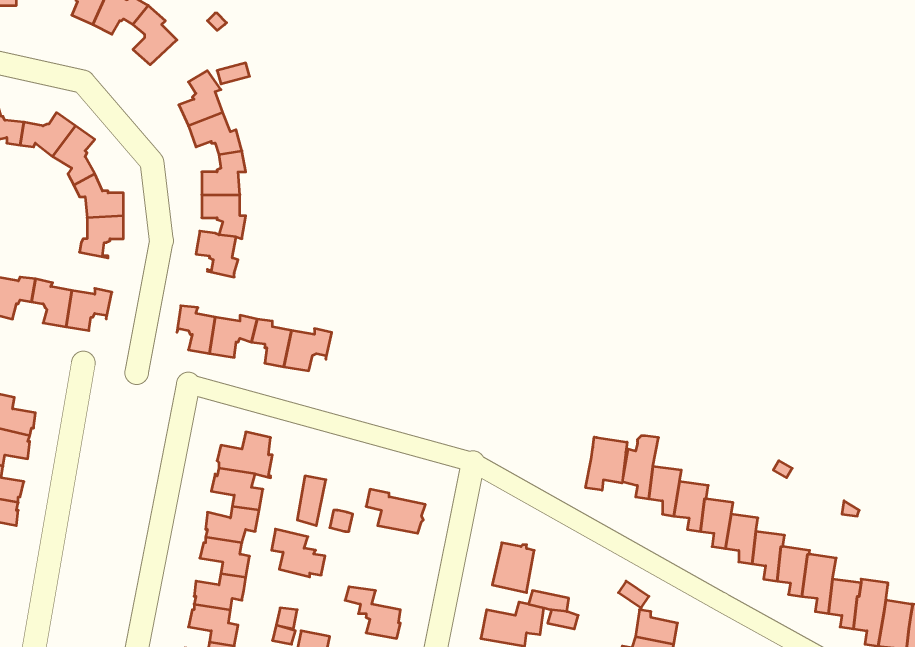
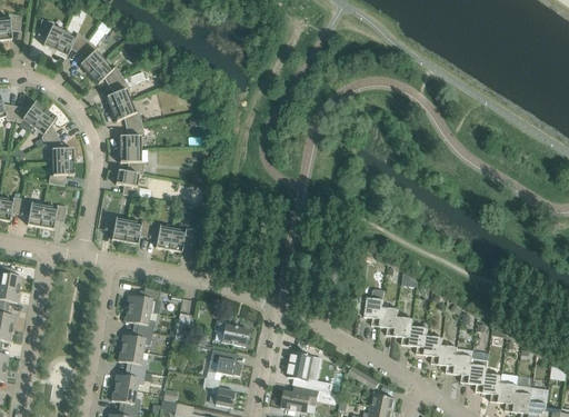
building: none -> [89,59,122,83]
building: [586,437,627,490] -> none
building: [272,529,325,577] -> [210,348,241,376]

